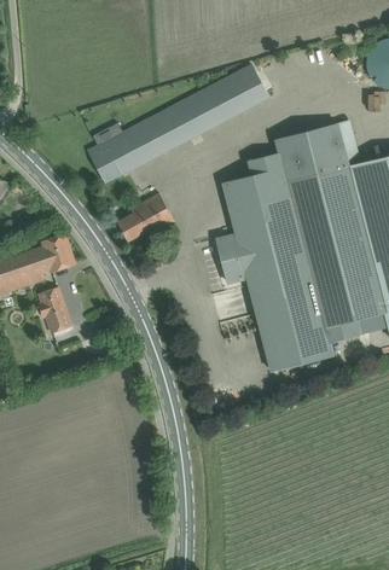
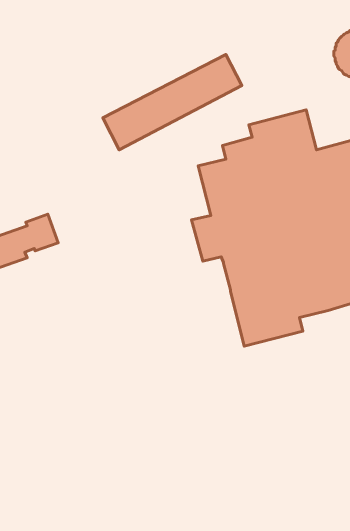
building: [87,132,139,184] -> none
building: [116,193,173,242] -> none
building: [36,287,70,333] -> none

